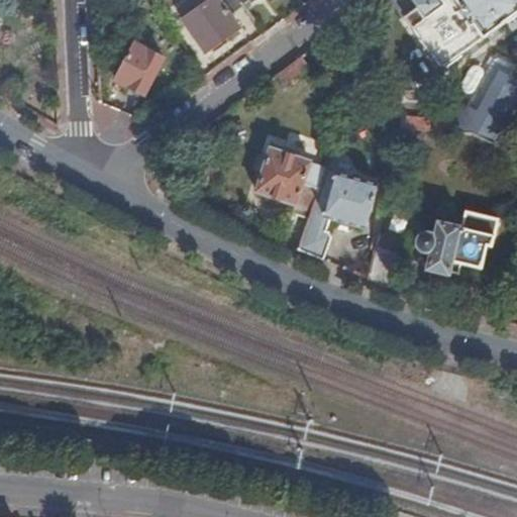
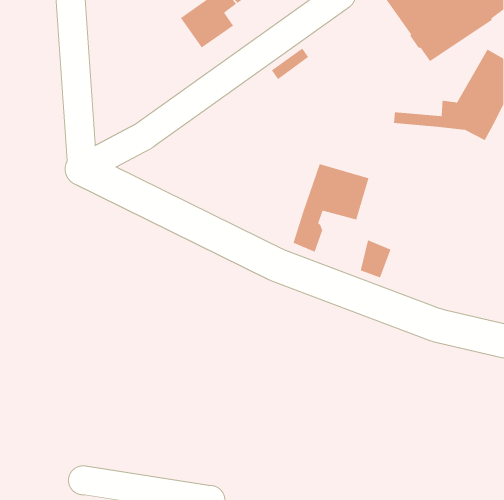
building: [116,41,163,93] -> none
building: [255,145,326,216] -> none
building: [419,209,499,272] -> none

